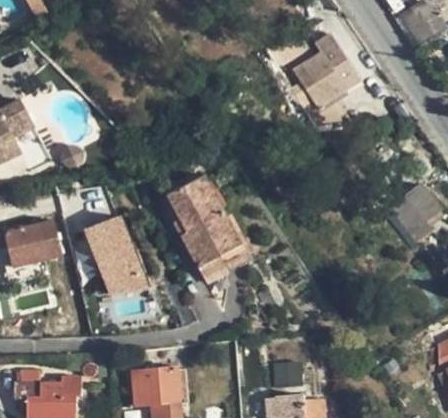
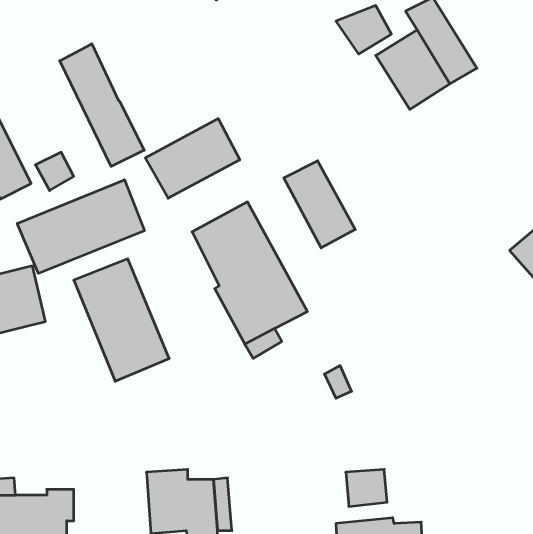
building: none -> [60,44,144,166]
building: none -> [145,119,240,198]
building: none -> [284,161,355,248]
building: none -> [17,180,144,273]

